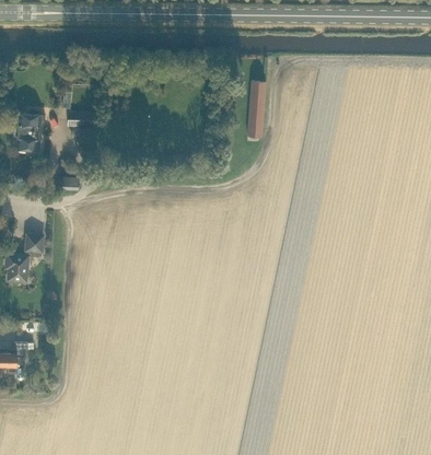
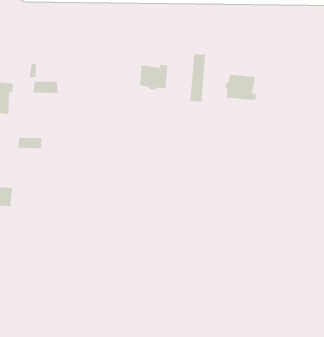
building: none -> [139,64,168,90]
building: none -> [225,74,256,100]

